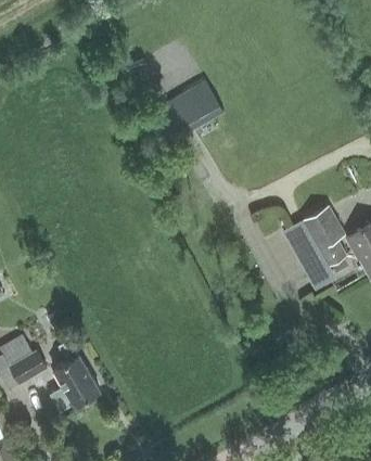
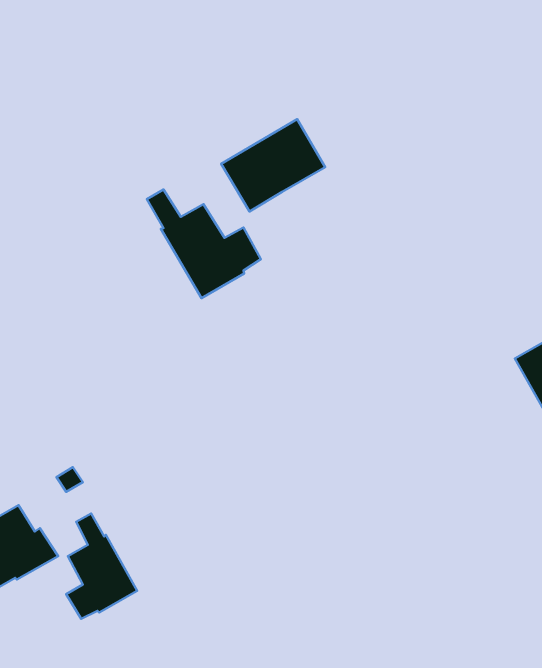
building: none -> [147,190,261,298]
building: [283,206,347,290] -> none

